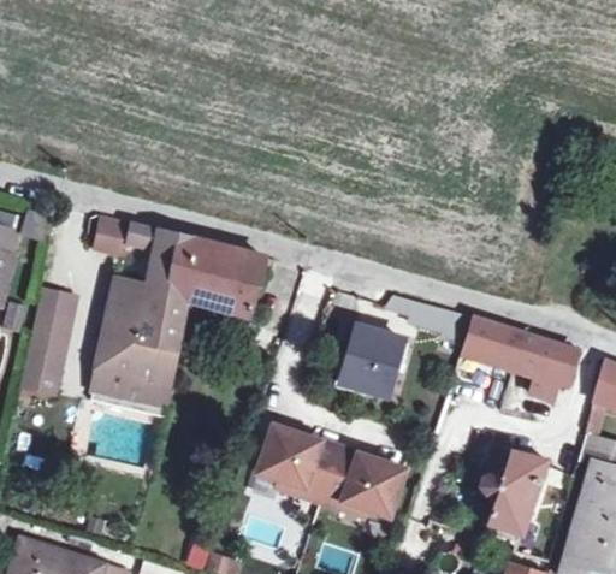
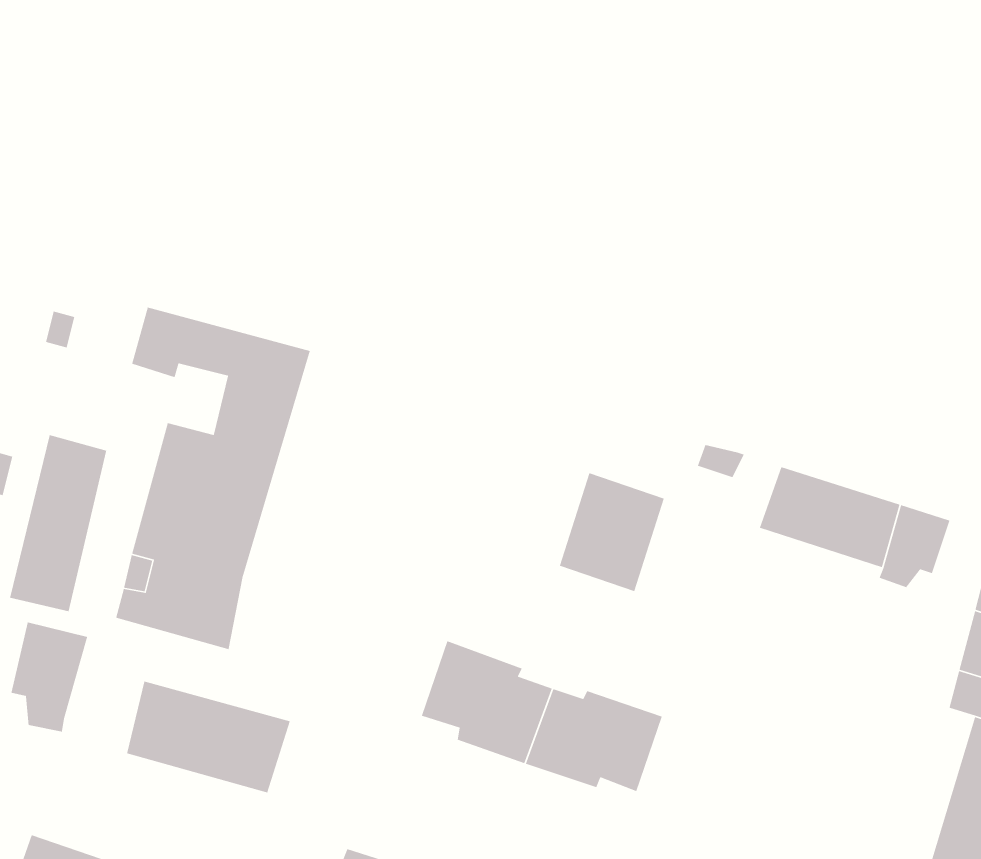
building: [178,247,251,321] -> none
building: none -> [11,622,88,733]
building: none -> [126,681,291,793]
building: [486,448,550,534] -> none

